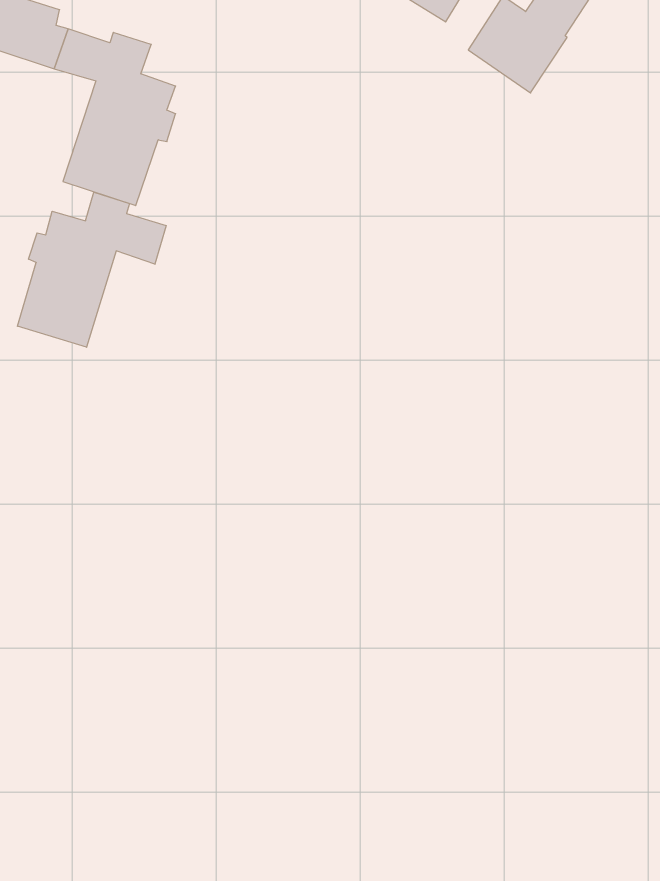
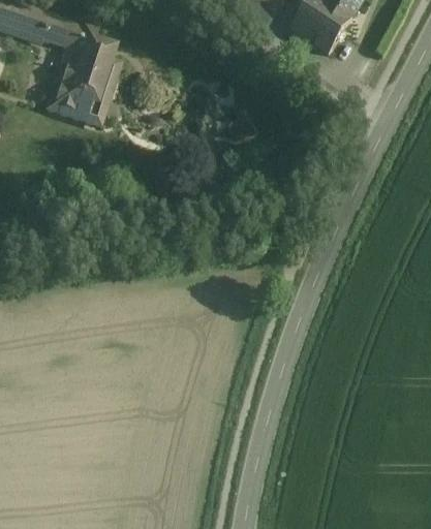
building: [17,192,166,347] -> none

